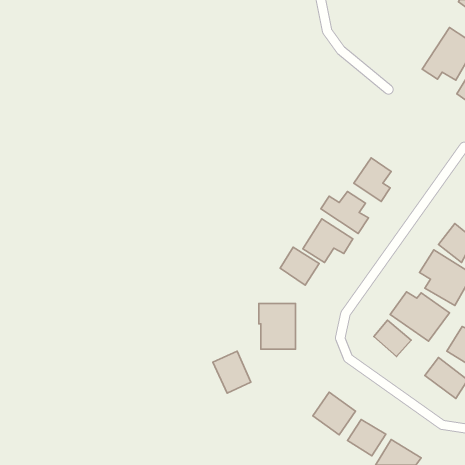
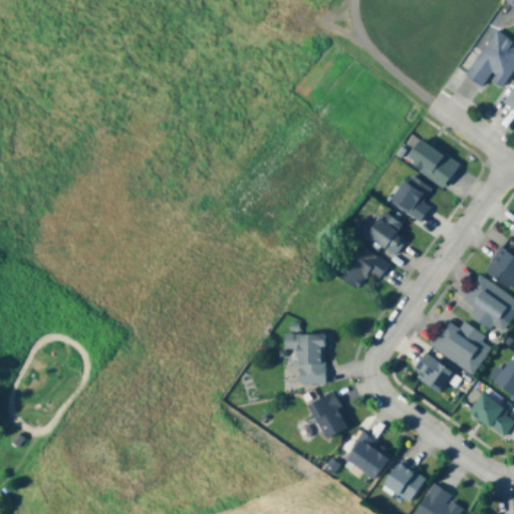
building: none -> [405,138,459,188]
building: [280,247,319,285] -> none
building: [213,351,251,393] -> [308,393,350,439]

